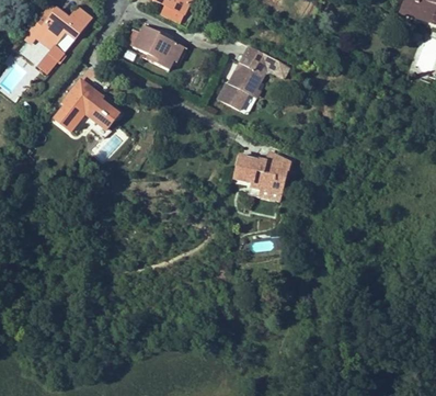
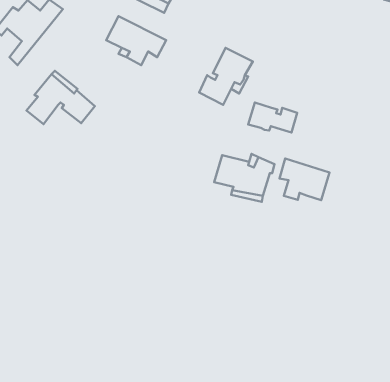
building: none -> [248,103,297,132]
building: none -> [279,158,329,200]

